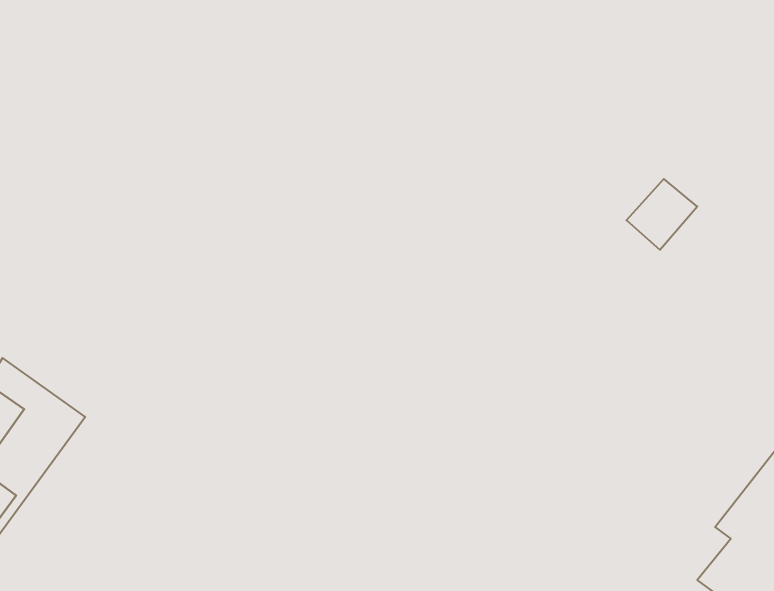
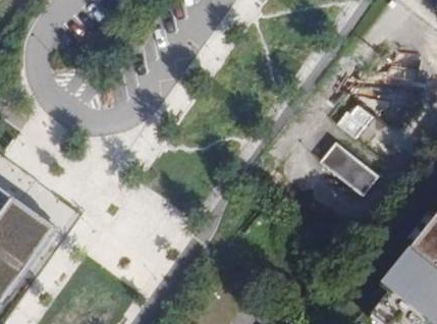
building: none -> [321,144,376,194]

